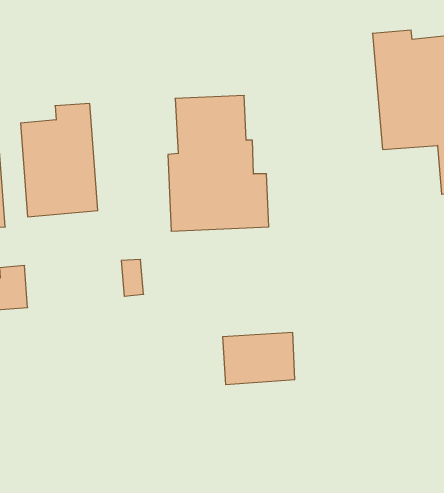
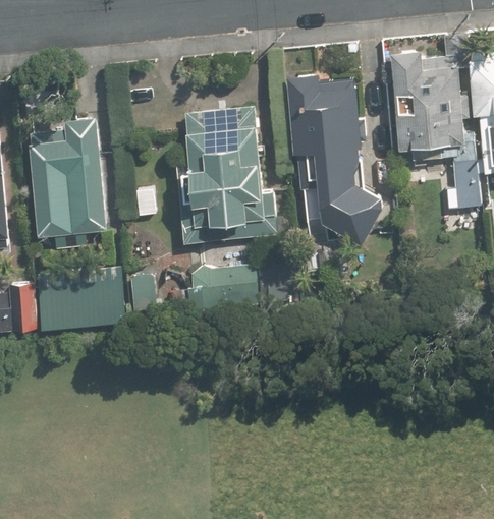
building: none -> [283,76,388,244]
building: none -> [42,266,123,331]
building: [223,333,295,385] -> [186,263,259,314]

